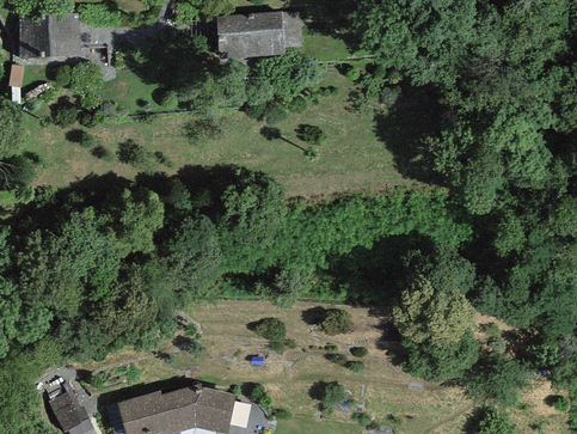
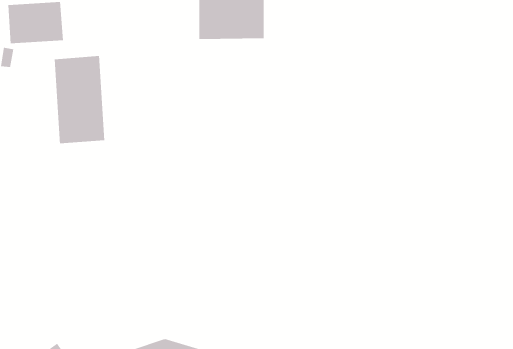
building: none -> [54,55,105,144]

